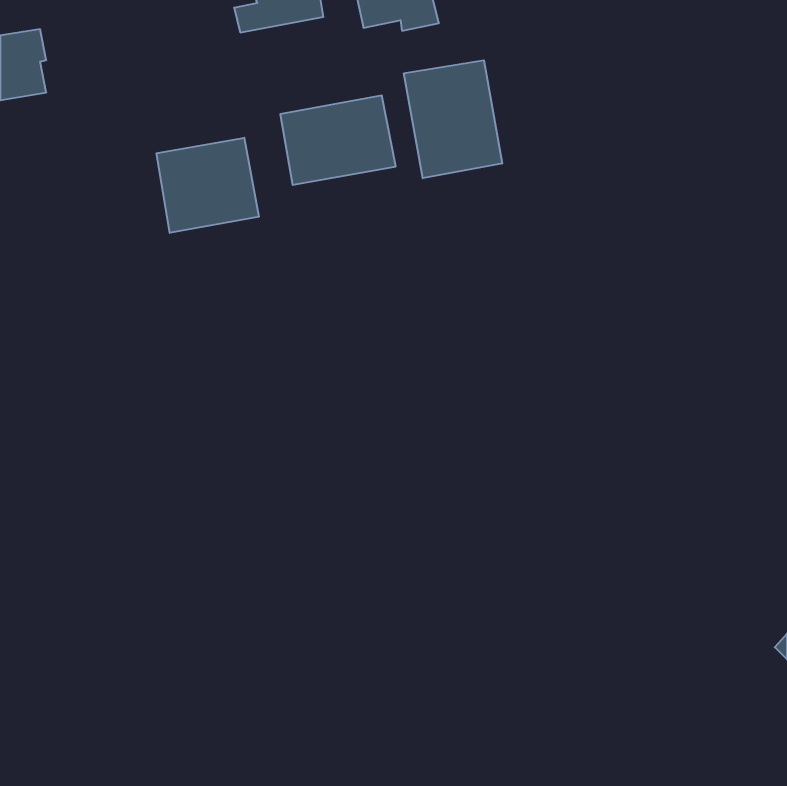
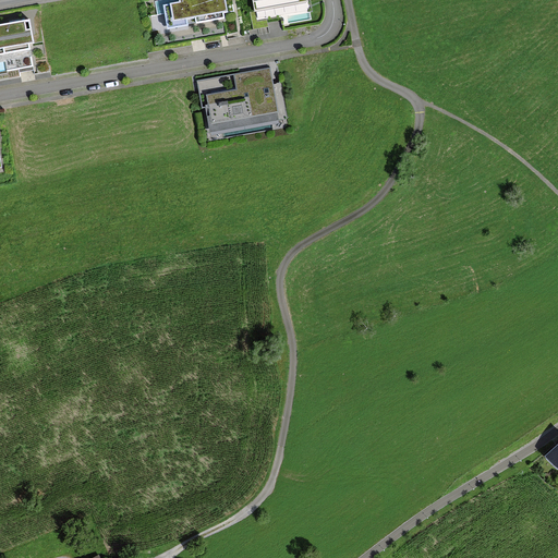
building: [404,60,502,178] -> none
building: [156,138,259,233] -> none

